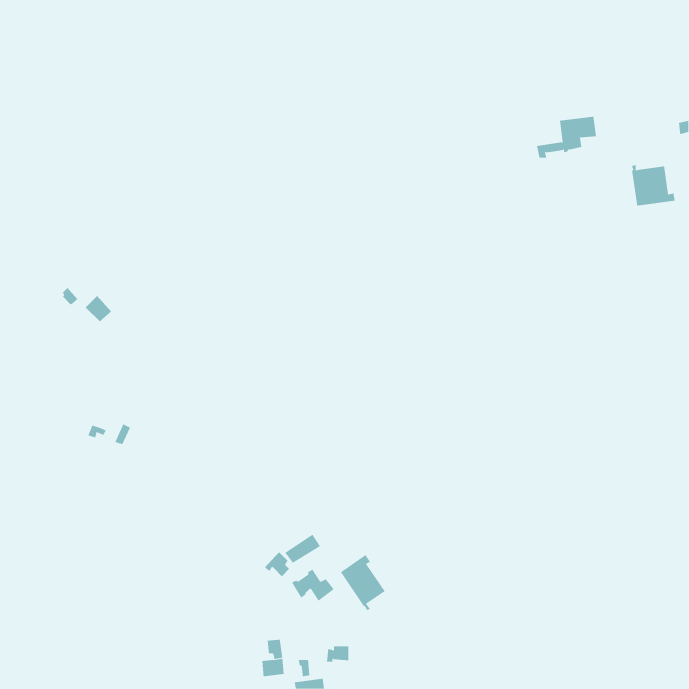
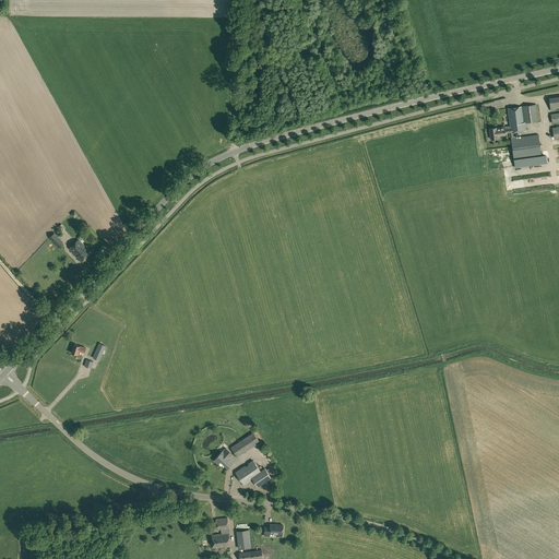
building: [536,116,597,158] -> [489,105,538,139]
building: [340,554,385,611] -> none

